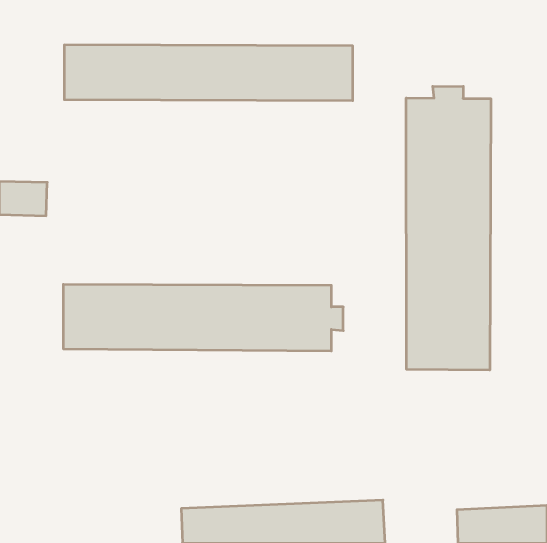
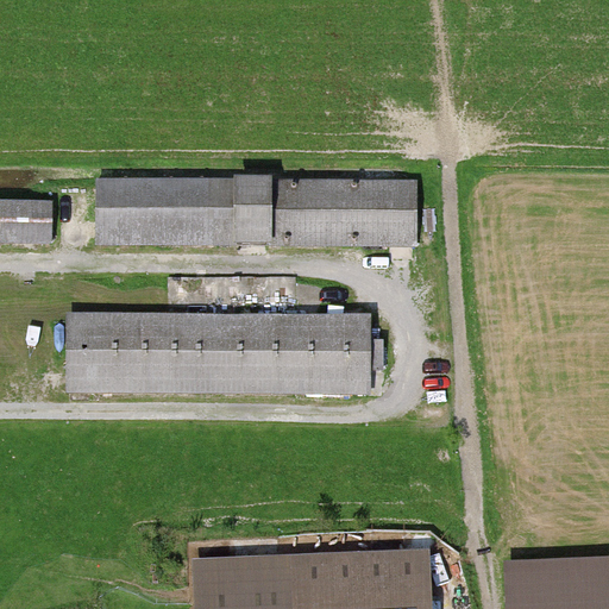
building: [64,45,353,101] -> [96,180,416,241]
building: [406,86,491,370] -> none

